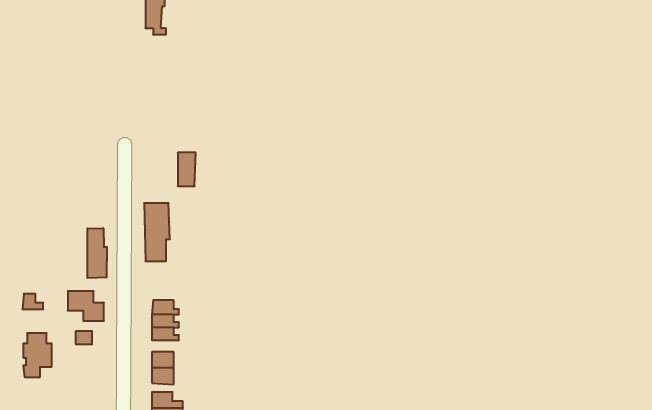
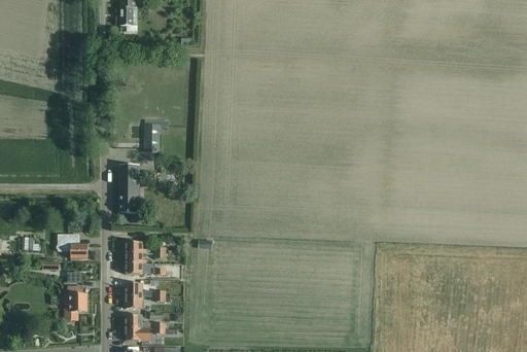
building: [87,228,107,278] -> none
building: [23,333,52,377] -> [64,285,86,320]

